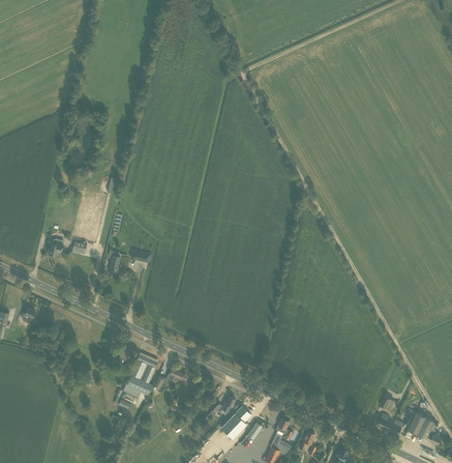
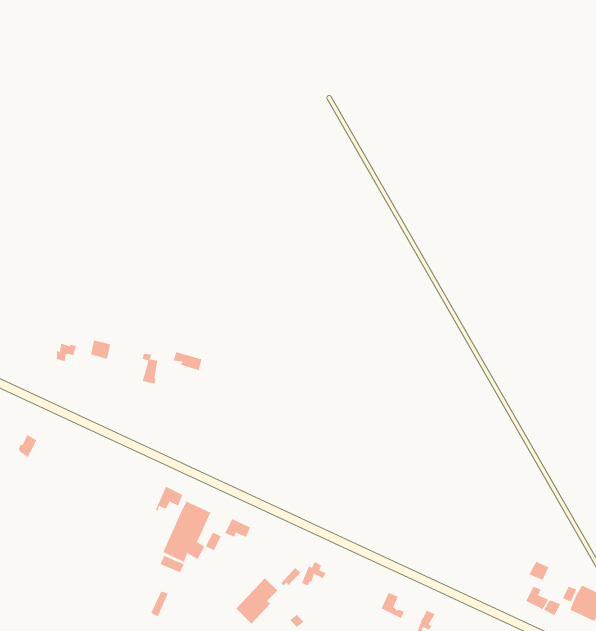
building: [222,407,252,440] -> [235,577,278,625]

